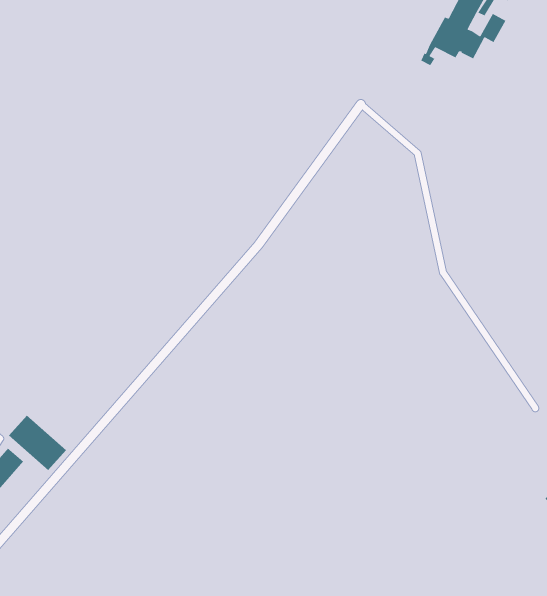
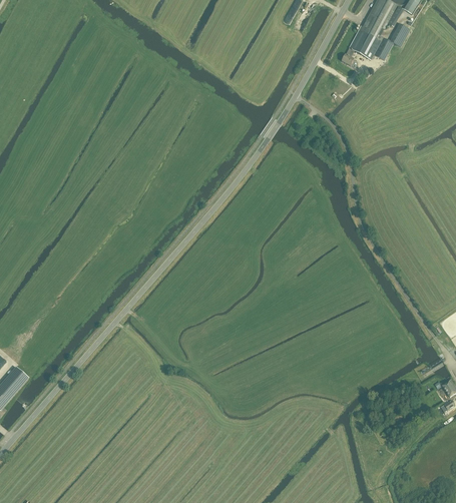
building: [8,415,67,471] -> none

